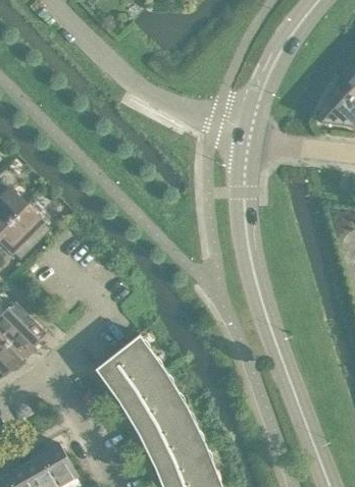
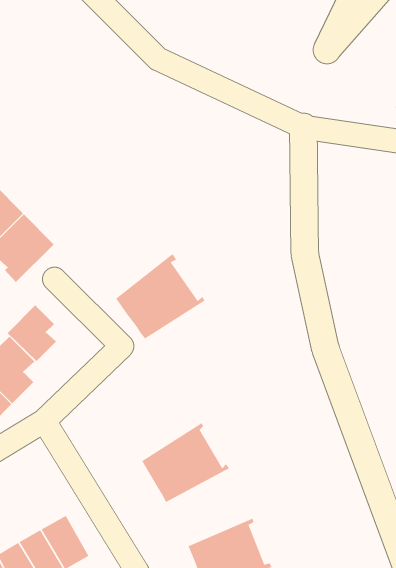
building: none -> [7,305,57,362]
building: [95,333,166,401] -> [115,253,206,340]
building: [138,408,207,469] -> none

